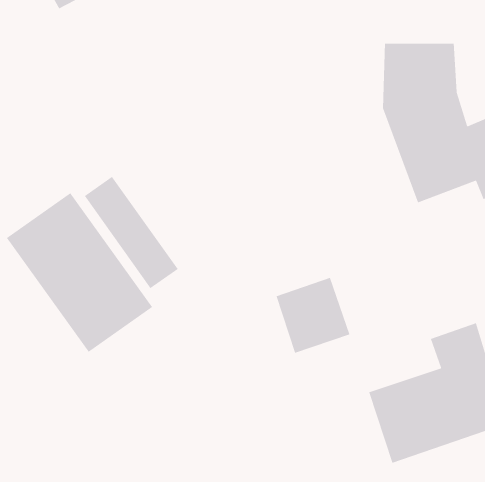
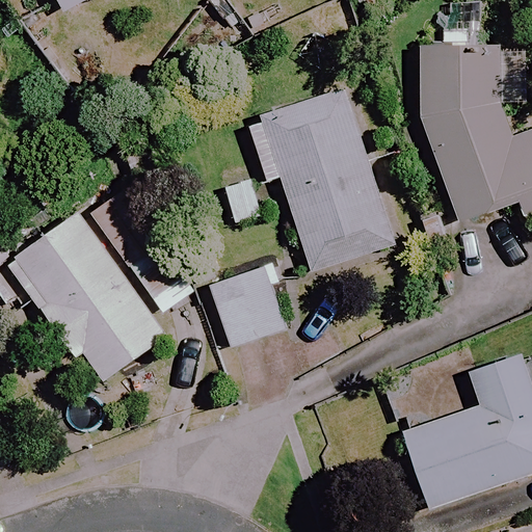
building: none -> [247,88,394,271]
building: [275,277,351,354] -> [211,263,293,347]

